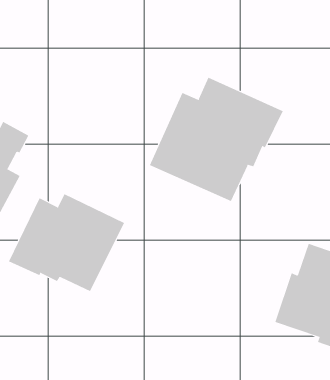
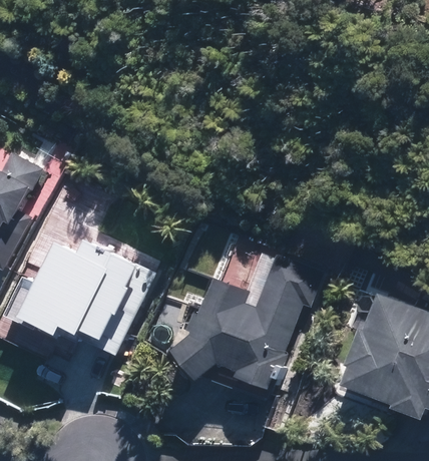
building: [149,77,284,202] -> none
building: none -> [169,252,324,388]

